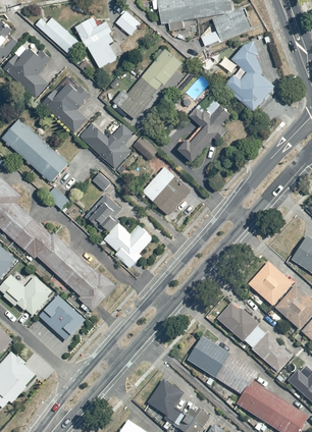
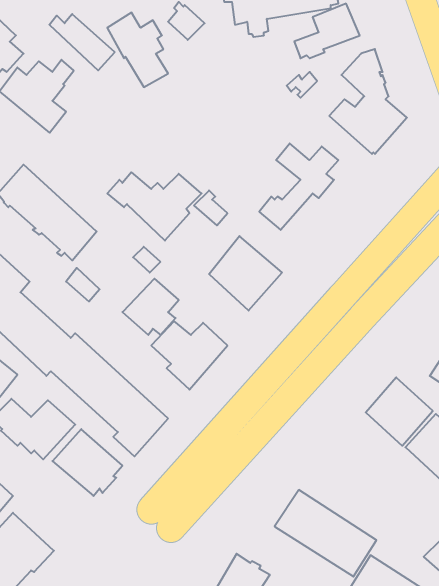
building: [113,49,181,119] -> none
building: [43,84,90,131] -> none
building: [218,301,294,372] -> none

